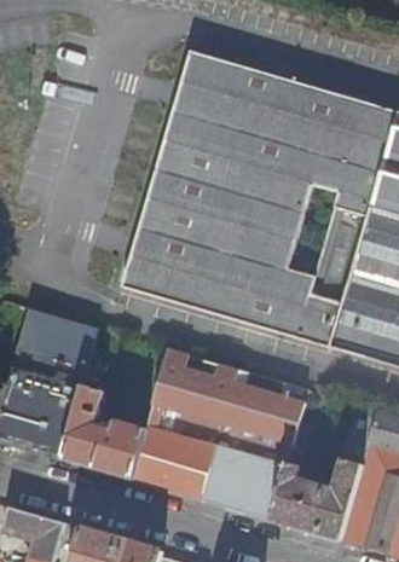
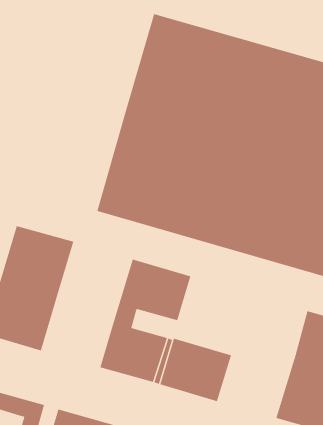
building: [222,369,308,442] -> none
building: [60,384,144,477] -> none
building: [270,456,362,538] -> none

